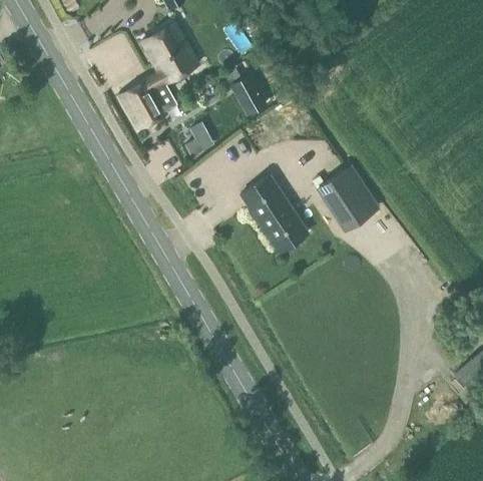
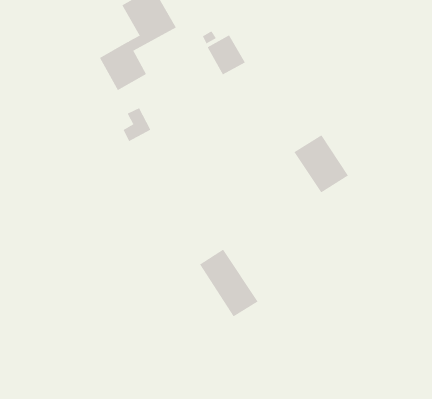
building: [186,120,215,155] -> [123,108,151,142]
building: [246,178,307,249] -> [199,249,258,317]

